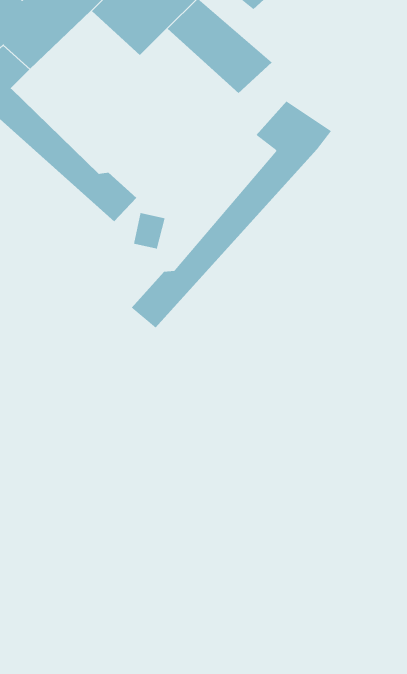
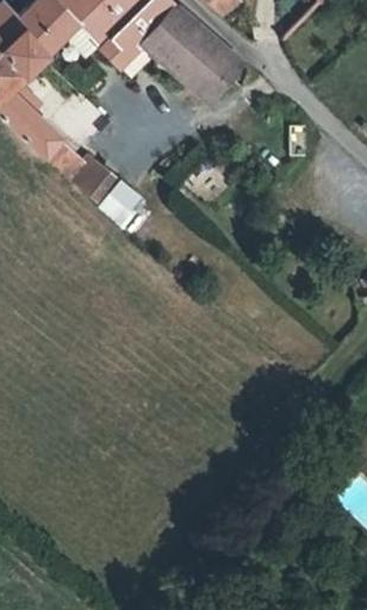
building: [131,100,332,328] -> none

